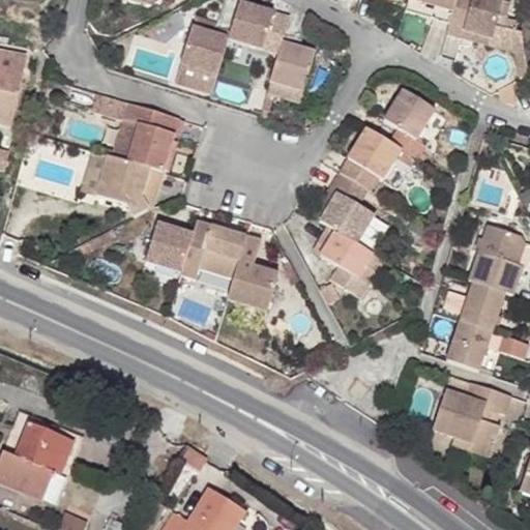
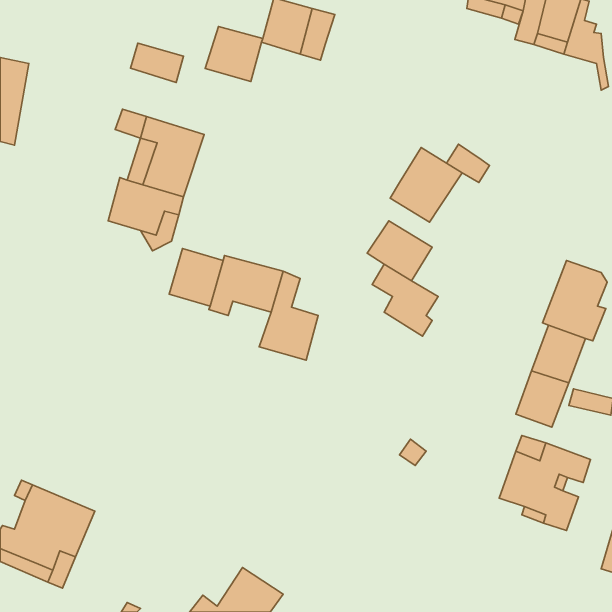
building: [268,38,314,90] -> none
building: [172,59,217,93] -> [131,43,183,83]
building: [385,87,436,138] -> none

